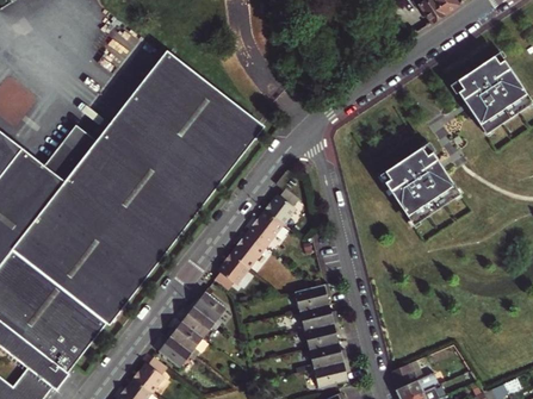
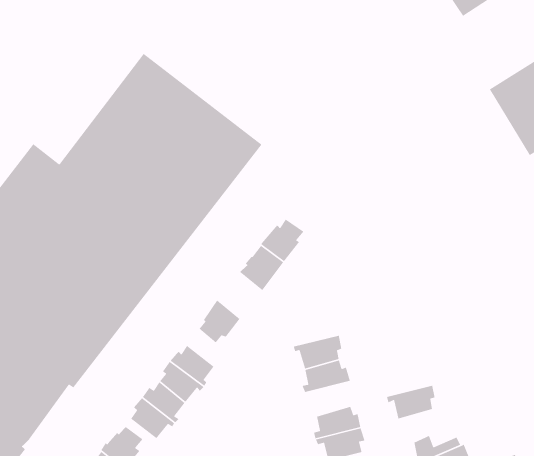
building: [380,142,461,224] -> none
building: [229,231,266,269] -> none
building: [300,320,341,349] -> [386,385,436,420]

